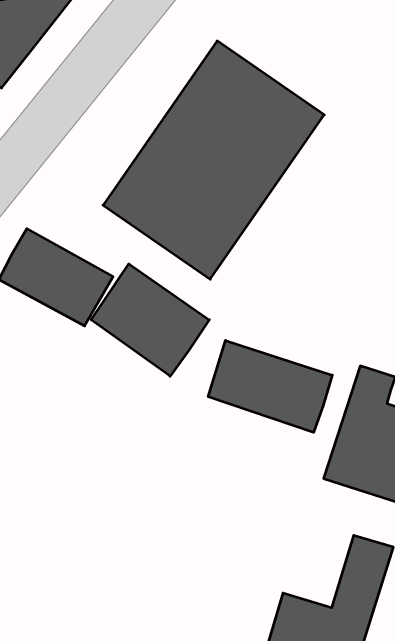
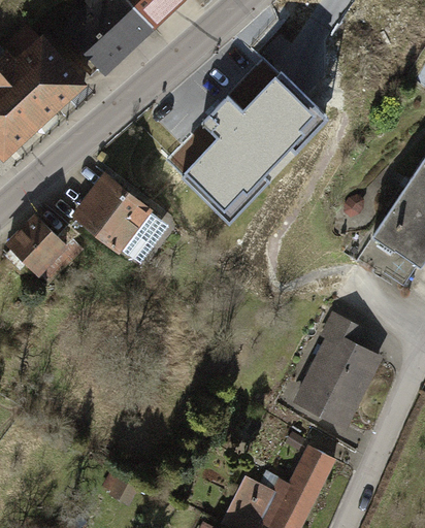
building: [91,264,209,376] -> none
building: [208,340,332,432] -> none

